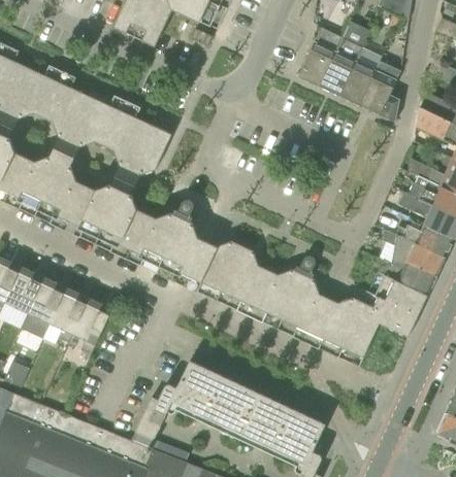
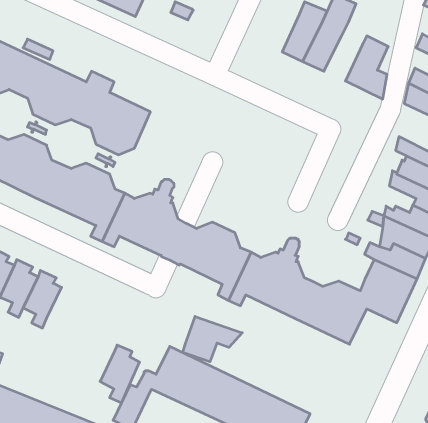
building: [338,48,382,105] -> none
building: [71,299,109,354] -> [100,345,140,403]
building: none -> [183,316,242,362]

